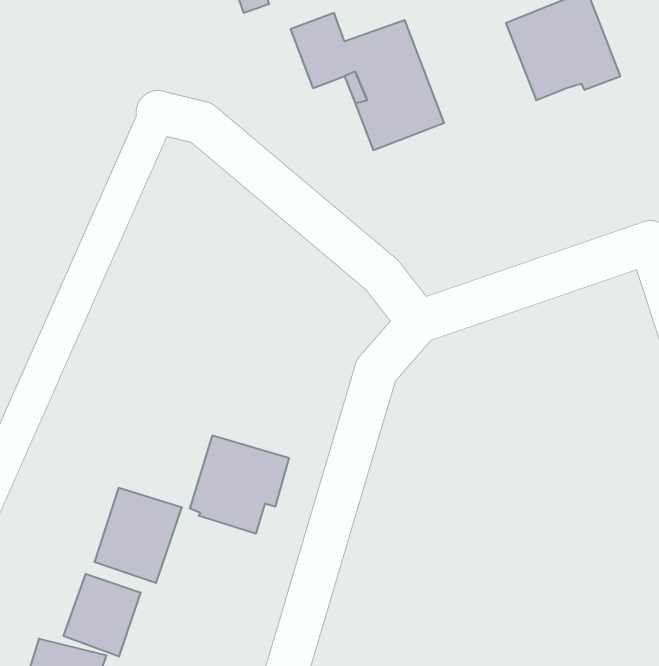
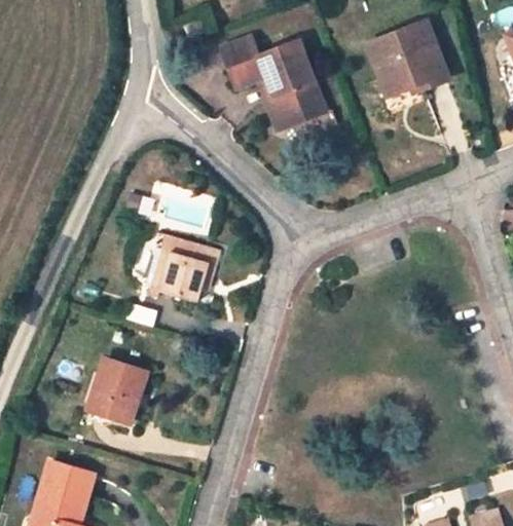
building: [190,436,289,534] -> [152,235,220,302]
building: [64,574,141,657] -> none

